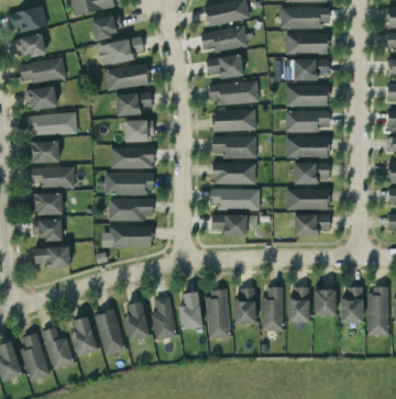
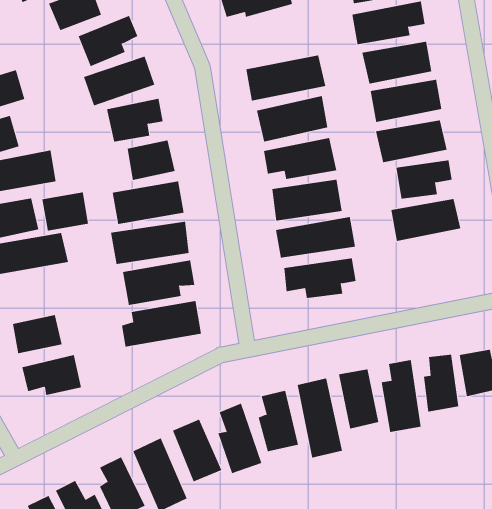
building: [206,56,243,78] -> none
building: [34,193,62,214] -> [42,192,89,231]
building: [295,214,330,236] -> none

